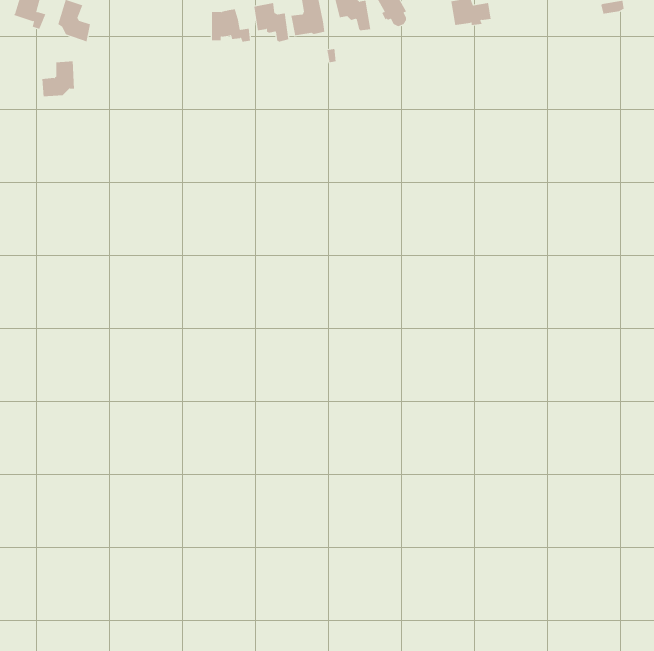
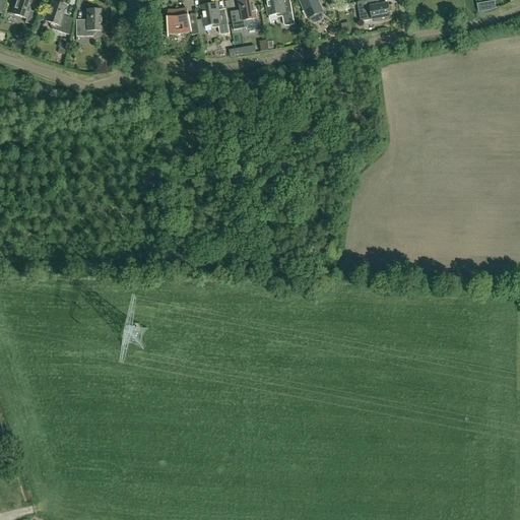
building: [42,61,75,97] -> [75,7,102,36]

